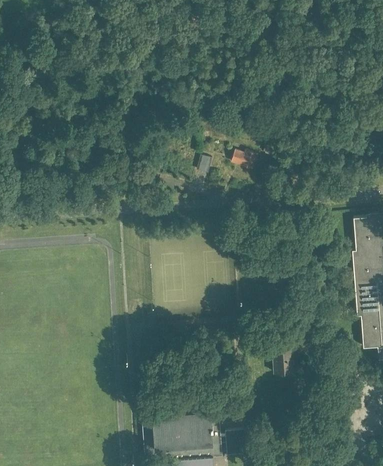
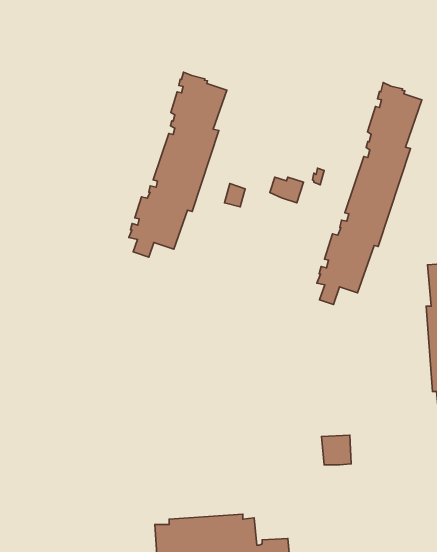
building: none -> [129,72,227,257]
building: none -> [317,83,422,305]

